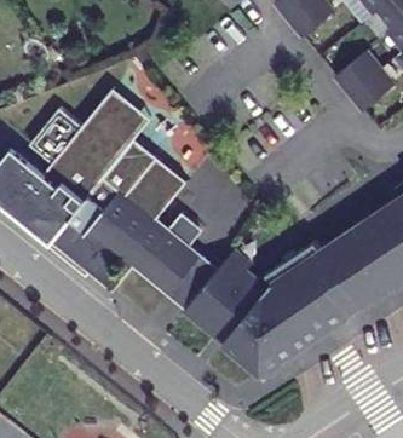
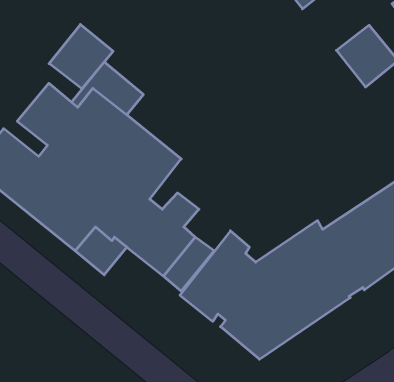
building: none -> [49,24,113,89]

